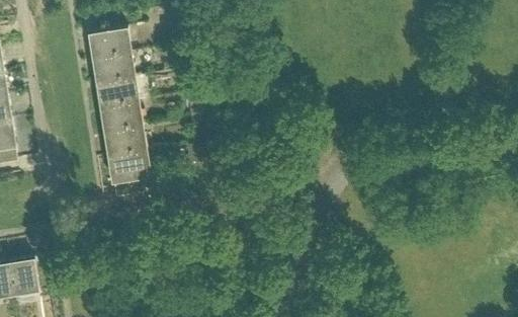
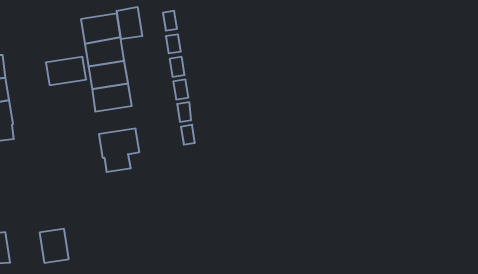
building: none -> [117,7,142,39]
building: [102,126,146,156] -> [46,57,86,85]
building: [6,257,37,294] -> [40,229,69,263]

